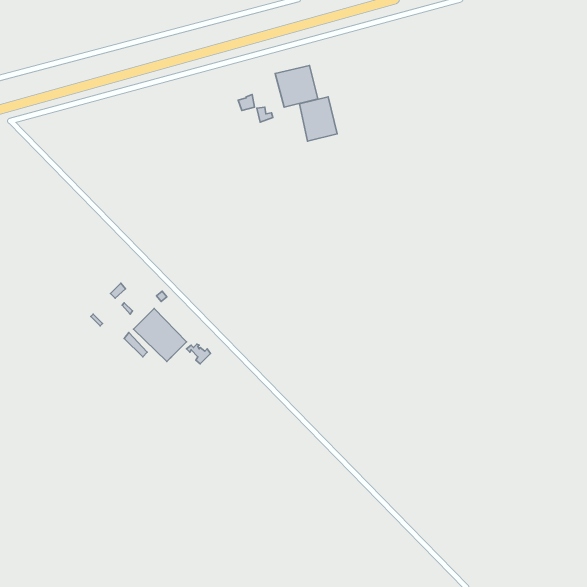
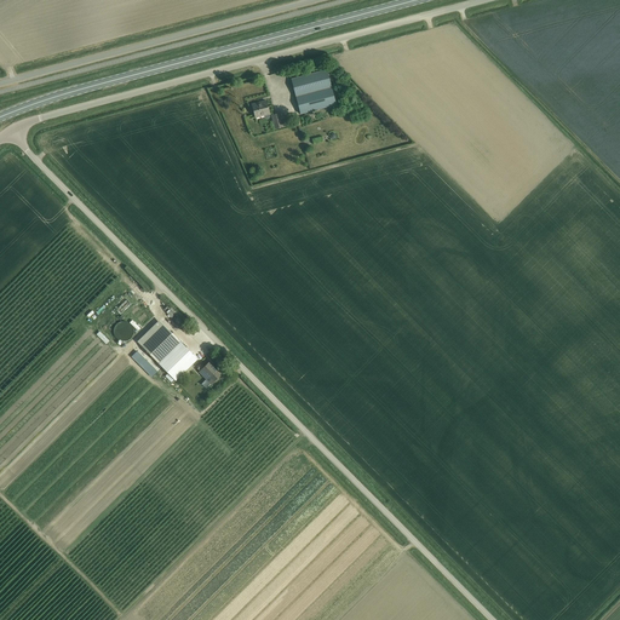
building: [299,97,337,141] -> none

